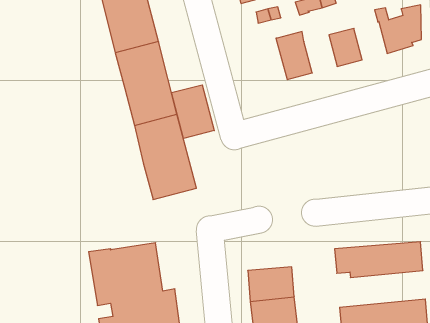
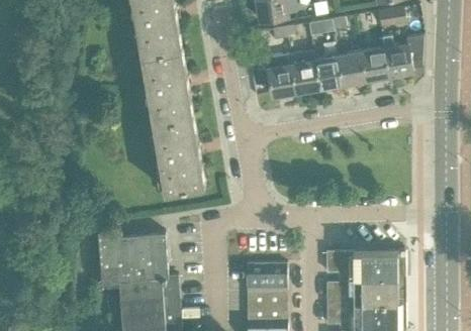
building: none -> [360,49,388,83]
building: none -> [313,58,342,91]
building: none -> [265,54,295,99]
building: [172,85,214,138] -> none
building: none -> [325,279,404,306]

